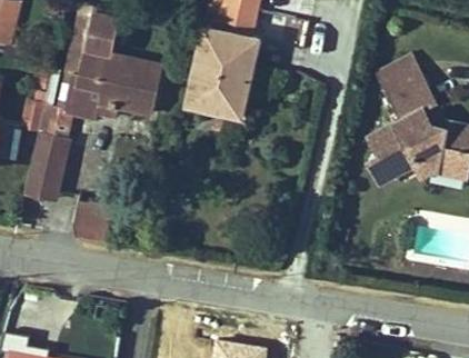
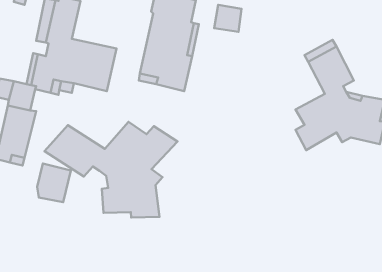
building: none -> [44,122,177,217]

